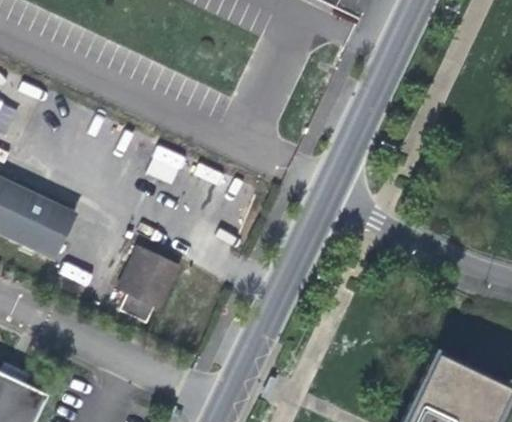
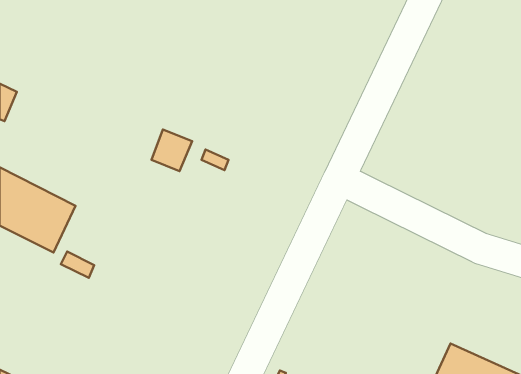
building: [119,244,178,306] -> none

